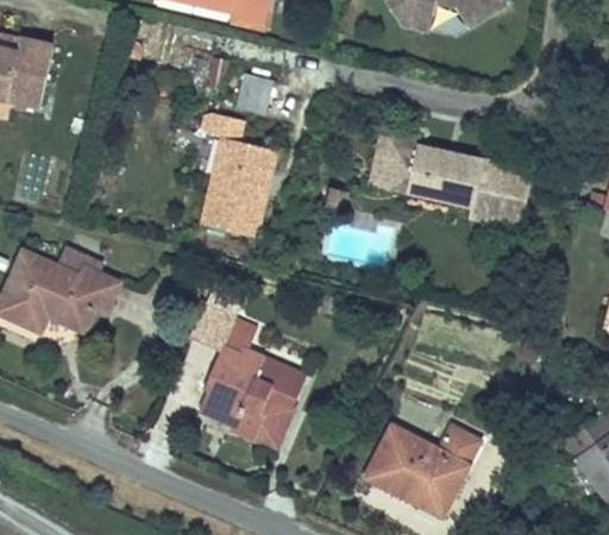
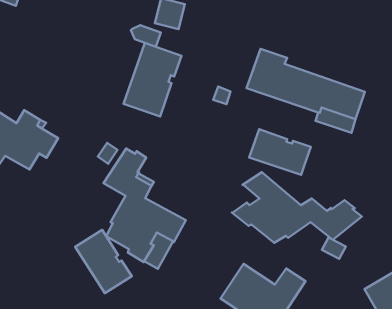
building: none -> [249,129,311,175]
building: none -> [232,172,362,243]
building: none -> [75,230,132,293]

